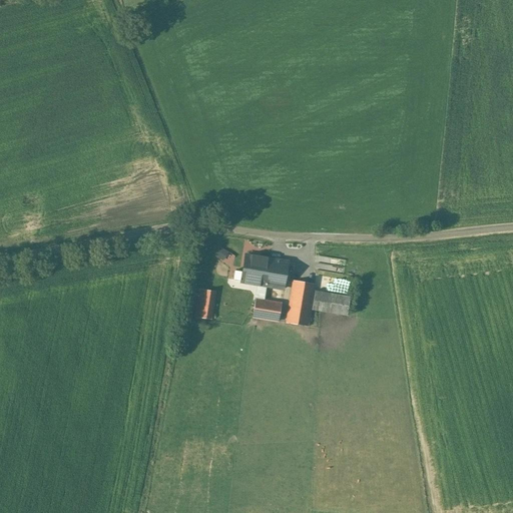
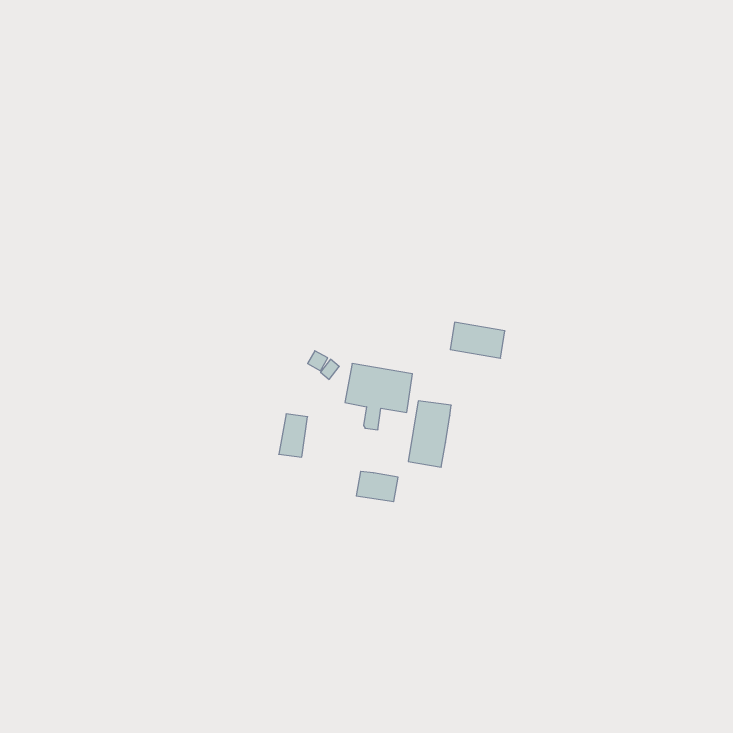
building: [312,290,350,315] -> [450,322,505,358]
building: [252,299,282,320] -> [356,471,398,502]

